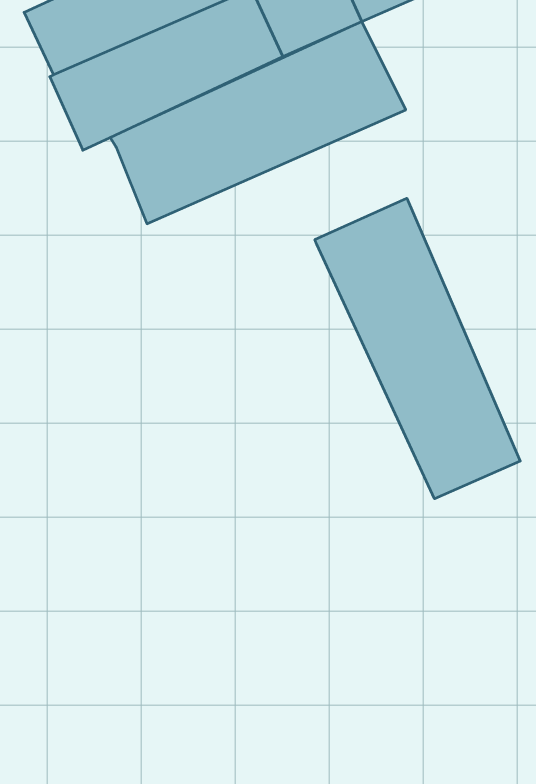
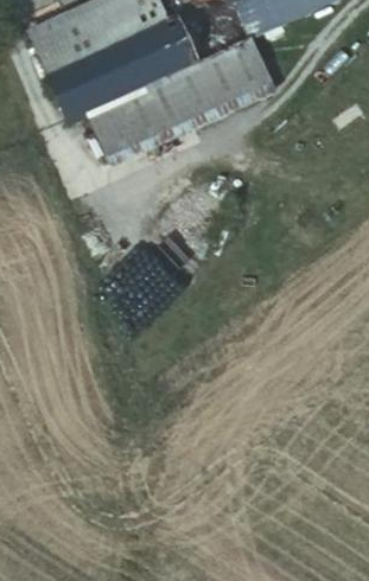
building: [315,198,520,499] -> none

